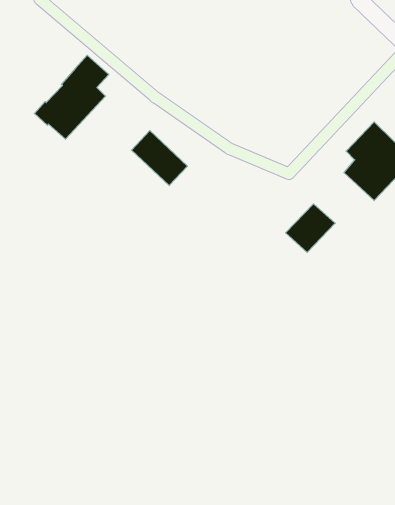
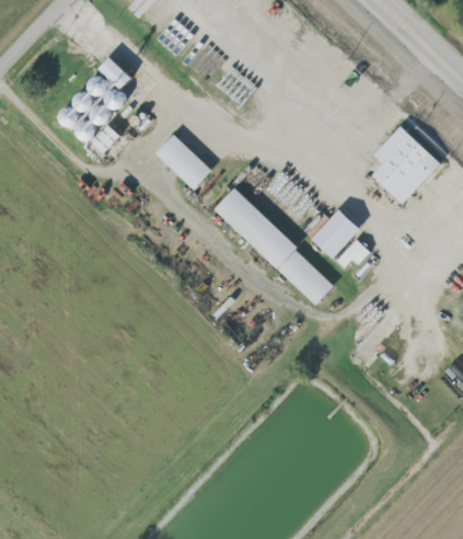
building: none -> [88,124,120,158]
building: none -> [213,188,336,305]
building: none -> [335,238,370,267]

